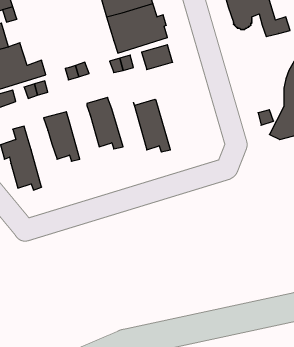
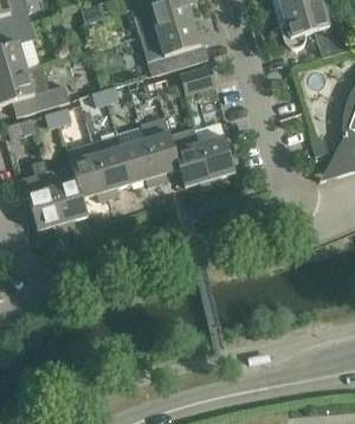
building: none -> [140,118,185,187]
building: none -> [194,122,238,187]
building: none -> [92,136,130,198]
building: none -> [47,165,88,230]

